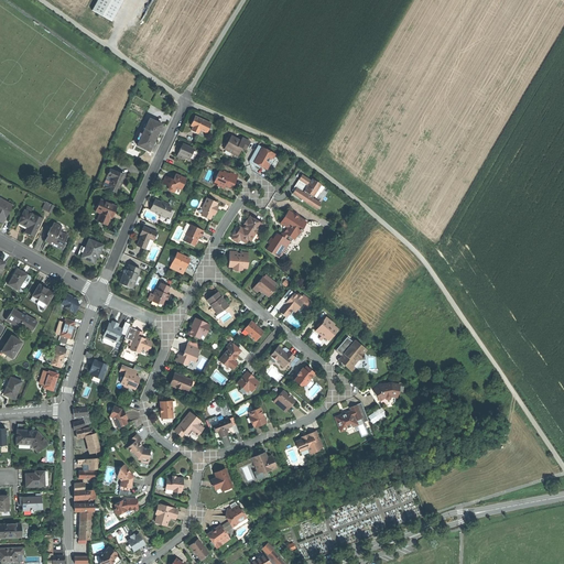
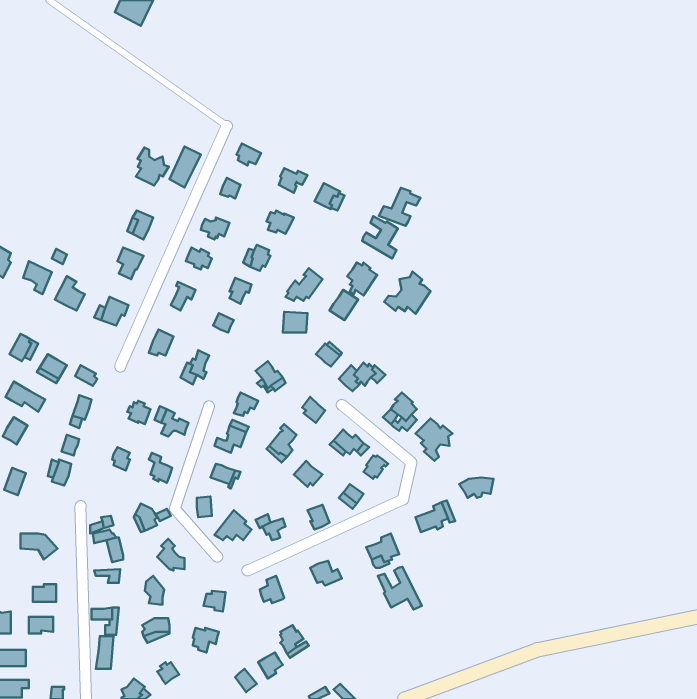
building: none -> [136,147,169,186]
building: none -> [379,188,421,226]
building: none -> [384,272,431,314]
building: none -> [378,567,422,610]

